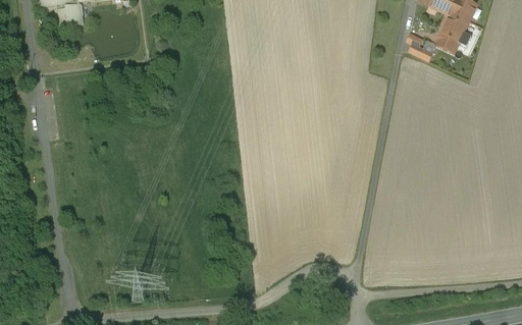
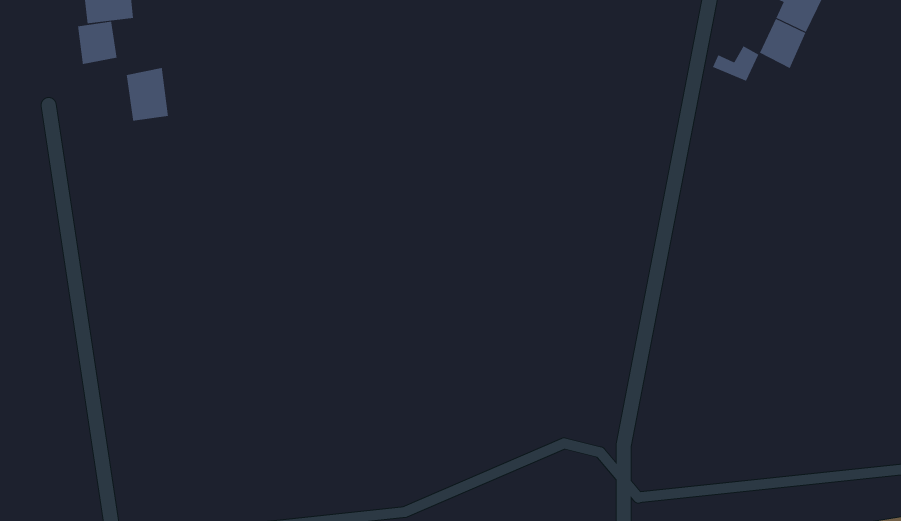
building: none -> [78,21,117,65]
building: none -> [126,67,169,122]

